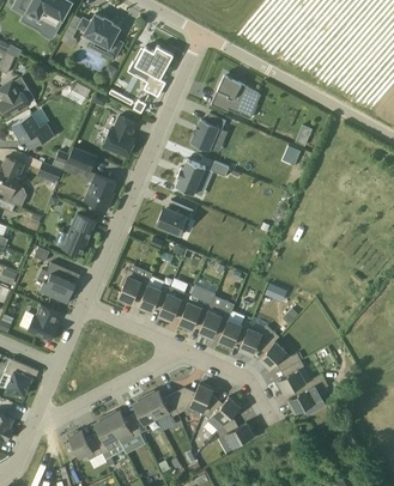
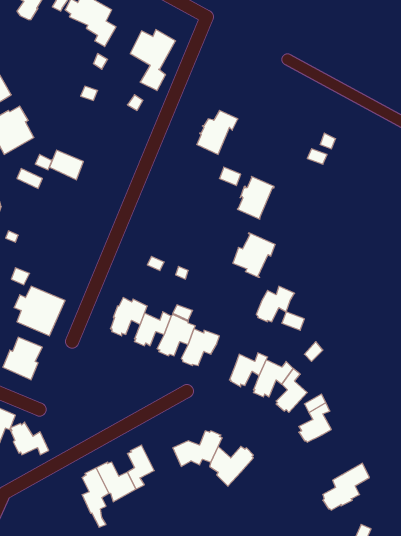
building: [210,77,257,119] -> none
building: [102,116,135,157] -> none
building: [174,159,205,195] -> [237,176,274,219]
building: [87,175,115,211] -> none
building: [156,200,192,237] -> [233,233,275,277]
building: [61,214,95,256] -> none
building: [198,308,230,338] -> [256,286,295,322]
building: [287,373,327,413] -> [323,463,369,510]
building: [144,390,177,430] -> none
building: [216,419,253,452] -> none
building: [68,430,101,457] -> [10,422,49,455]

